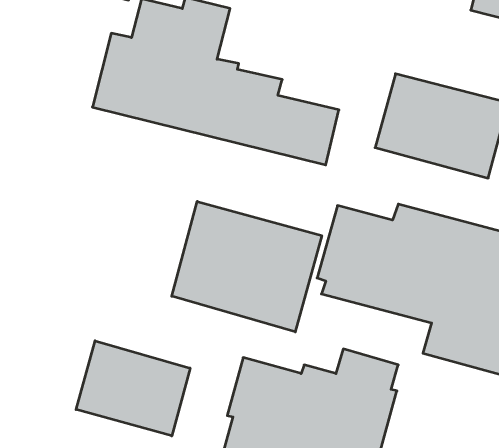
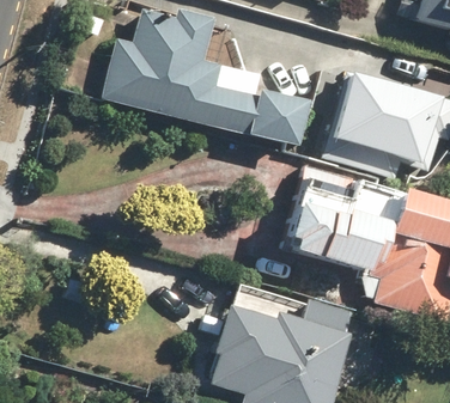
building: [172,201,322,332] -> none
building: [76,341,190,436] -> none

